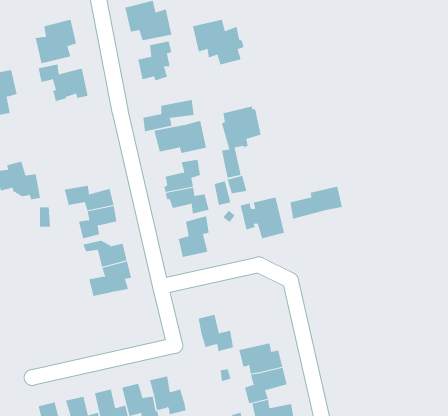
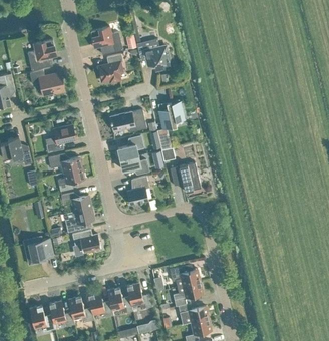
building: [143,99,194,132] -> none
building: none -> [46,125,75,152]
building: [290,186,343,219] -> none
building: none -> [72,230,101,253]
building: none -> [23,236,53,265]
building: [198,314,234,352] -> [126,283,151,309]

